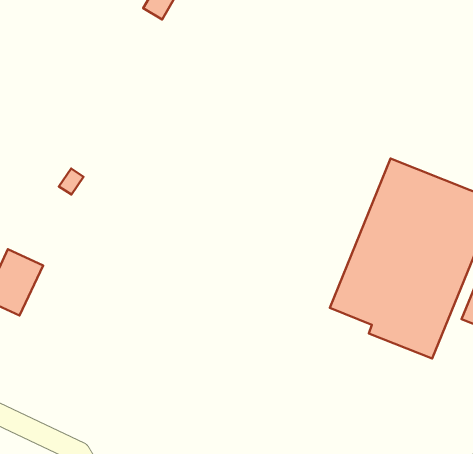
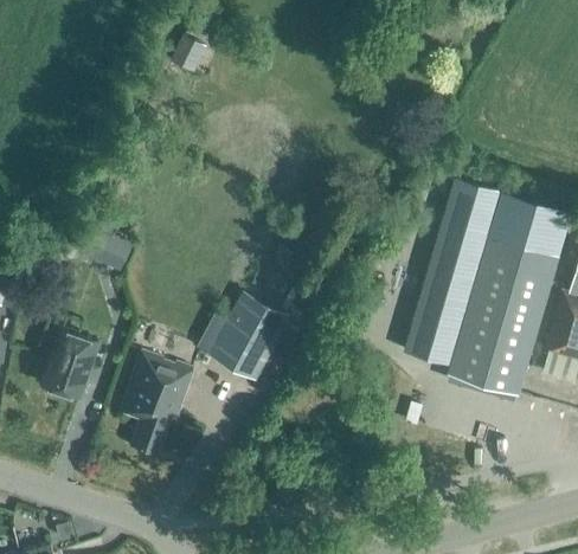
building: none -> [208,289,293,380]
building: none -> [121,350,193,453]

